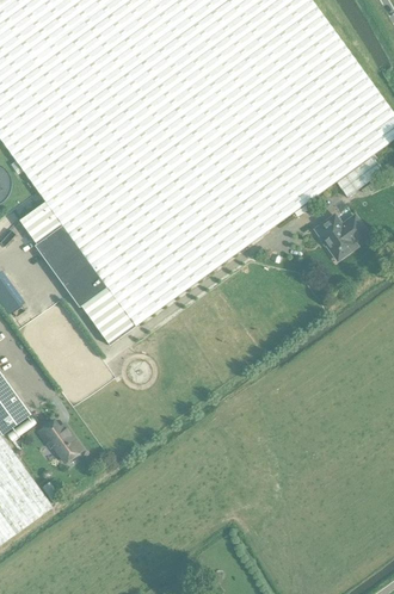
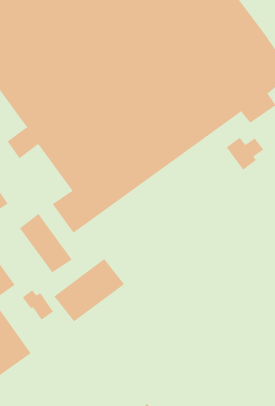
building: [35,225,106,307] -> [19,213,72,274]
building: none -> [54,258,125,322]

